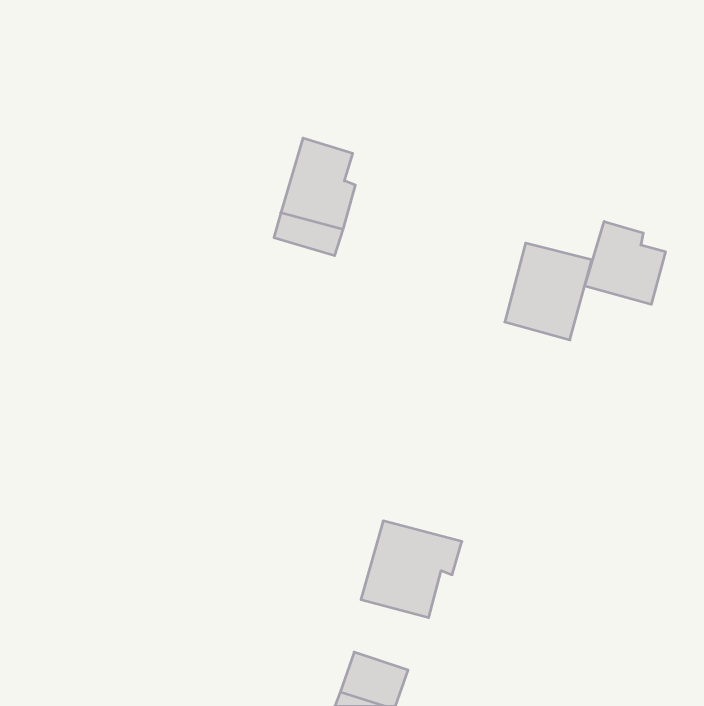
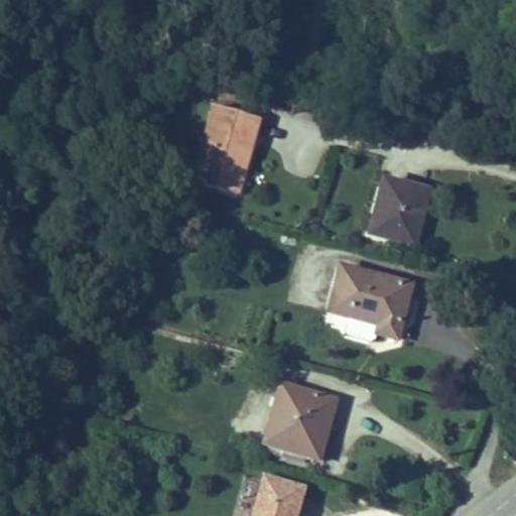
building: [585,221,665,304] -> none
building: none -> [327,263,410,338]

